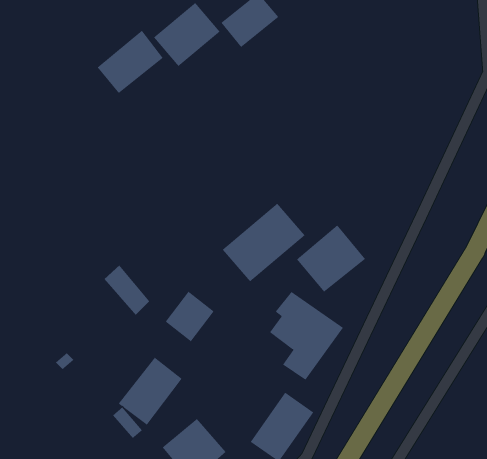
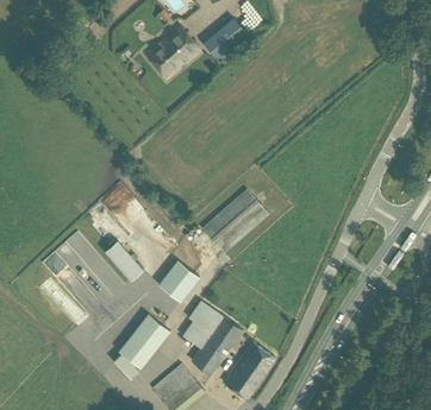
building: [97,30,163,94] -> none
building: [296,224,366,292] -> none
building: [269,291,344,380] -> [181,301,242,373]

